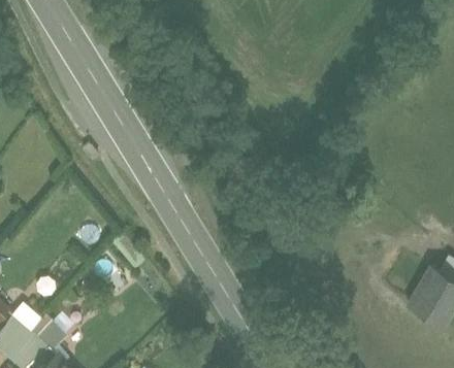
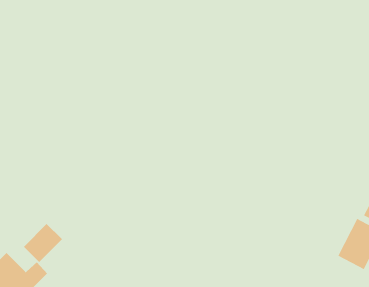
building: none -> [23,223,63,263]

